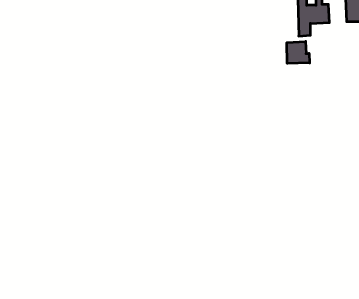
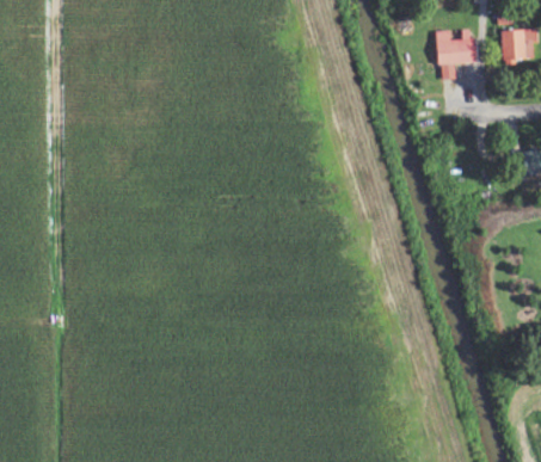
building: [287,41,310,63] -> none

